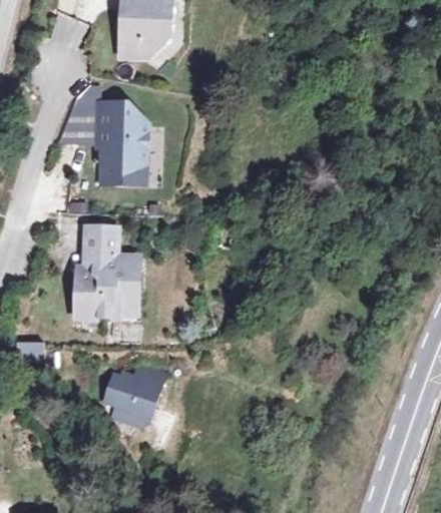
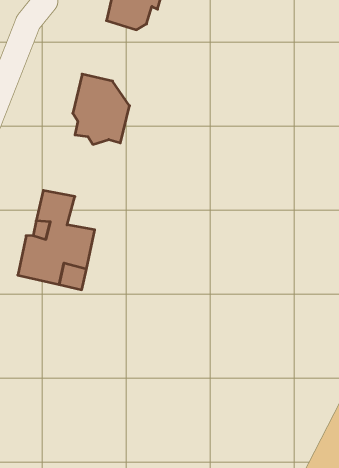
building: [68,106,105,147] -> none
building: [102,373,162,424] -> none

